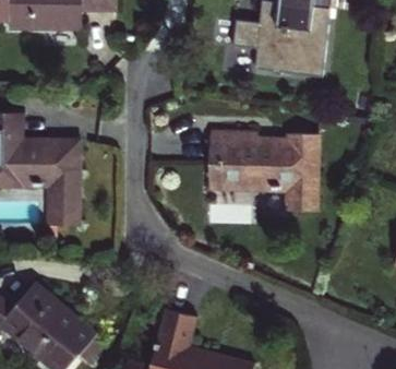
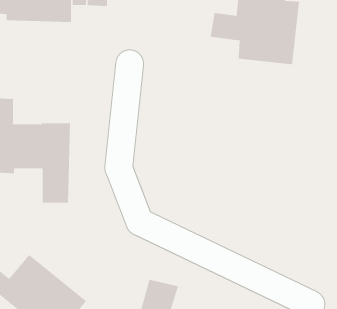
building: [207,130,317,211] -> none

